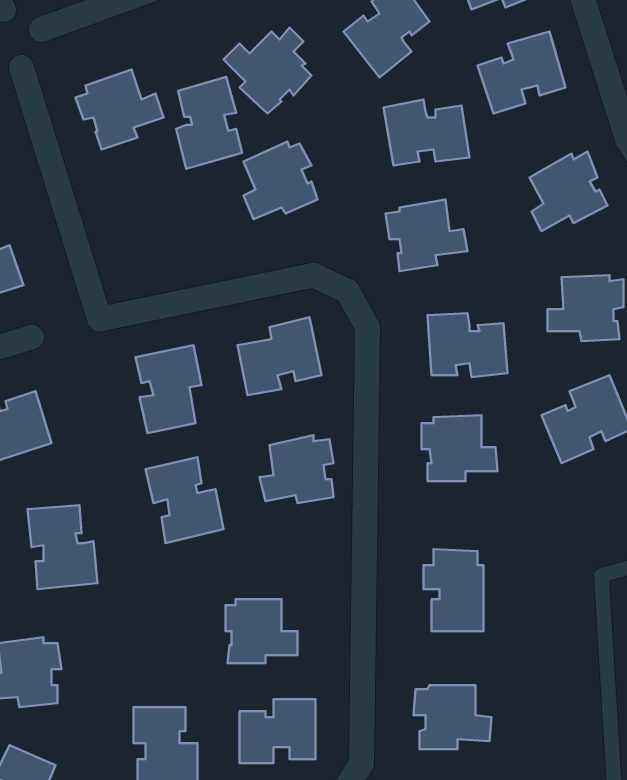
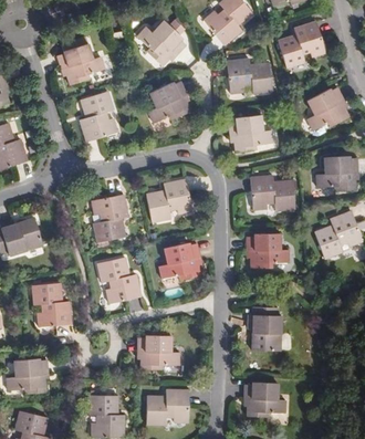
building: [176,77,242,169] -> [79,91,115,142]

